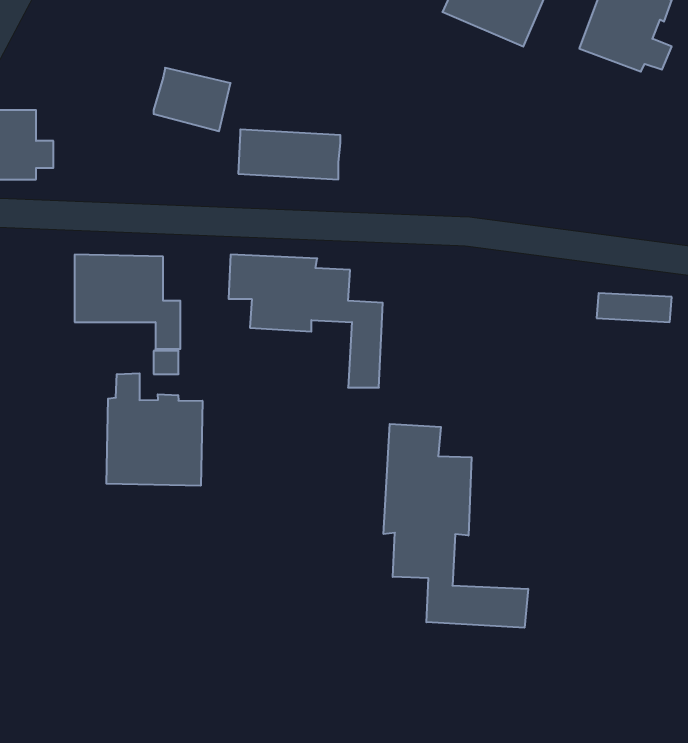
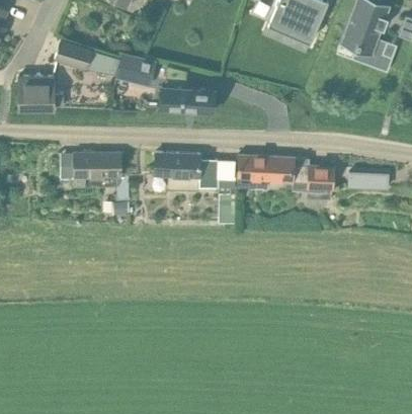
building: none -> [54,40,120,77]
building: none -> [237,156,334,190]
building: [106,373,202,486] -> none
building: [384,424,528,628] -> none

